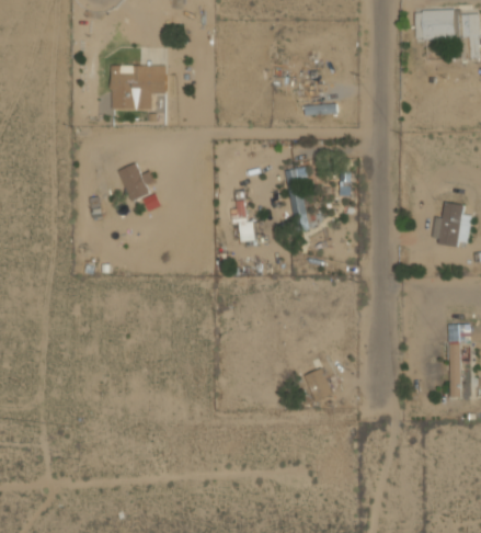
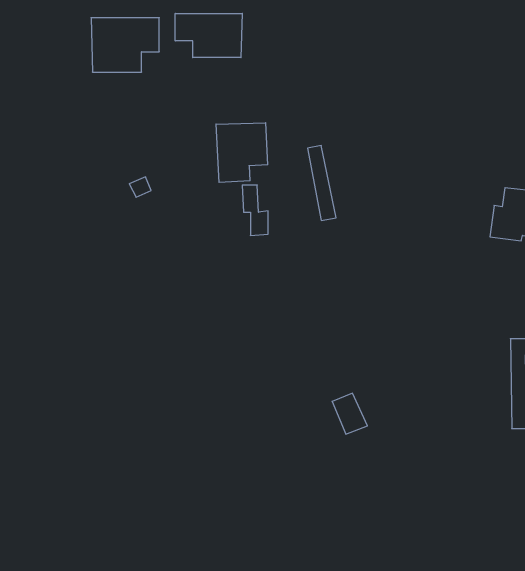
building: none -> [175,13,242,58]
building: none -> [216,123,268,182]
building: [118,163,150,202] -> none

